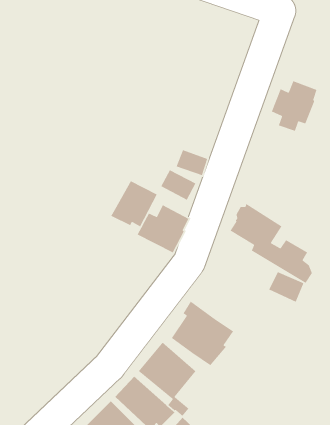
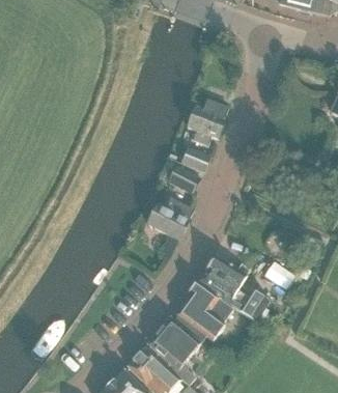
building: [271,80,318,132] -> [187,99,228,144]
building: [110,180,158,228] -> none
building: [230,203,313,284] -> [200,255,274,327]

